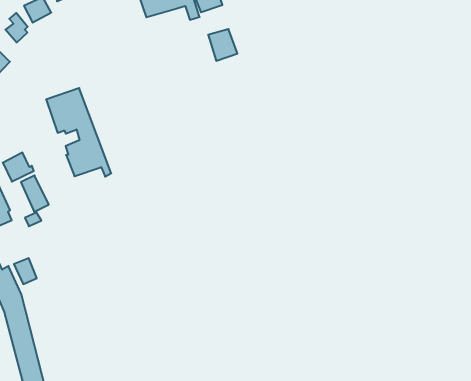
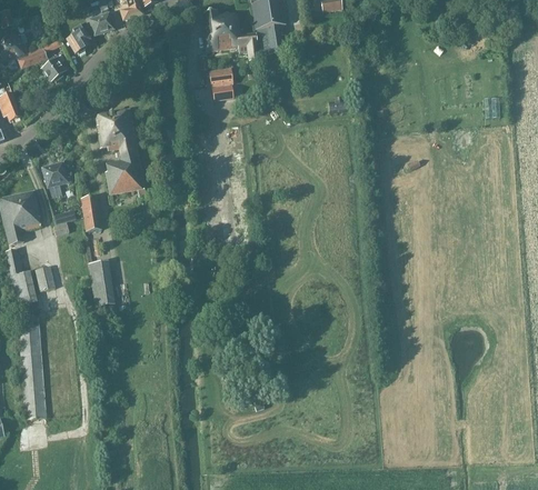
building: [208,29,237,61] -> [210,68,236,97]
building: none -> [81,196,102,231]
building: none -> [89,260,116,307]

